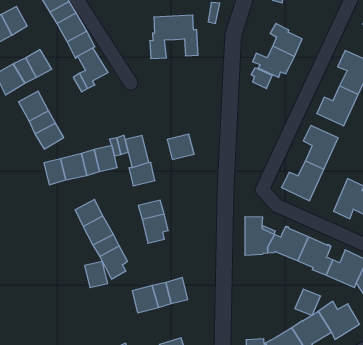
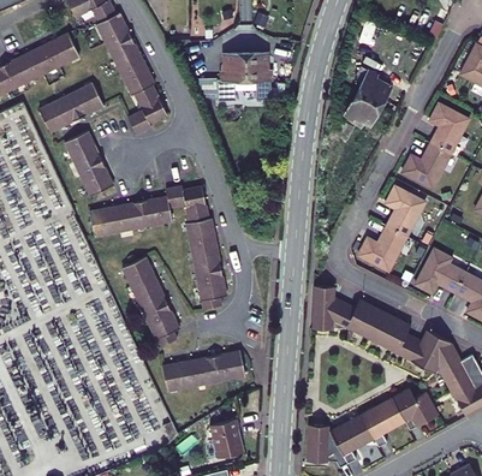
building: [167,134,194,159] -> [189,238,219,266]
building: [85,261,108,288] -> [161,362,186,391]
building: [295,289,321,316] -> none

